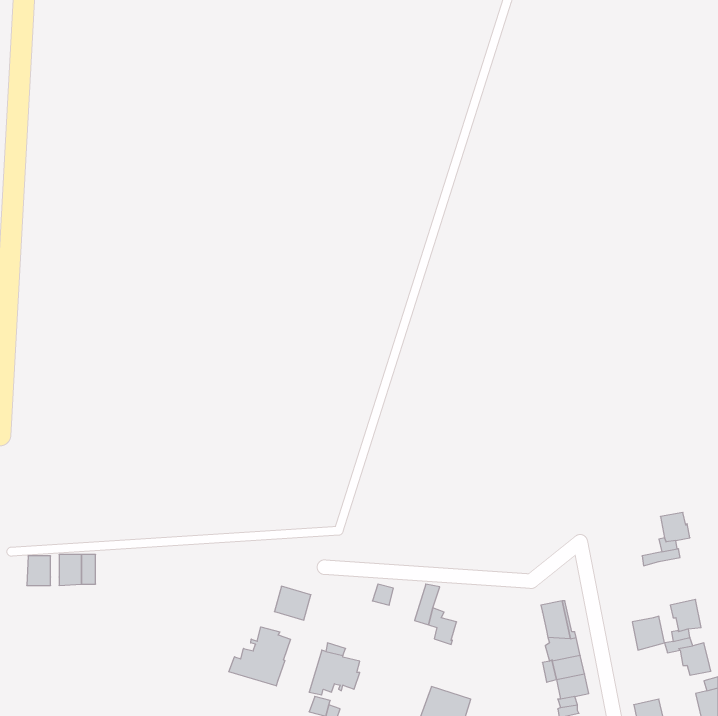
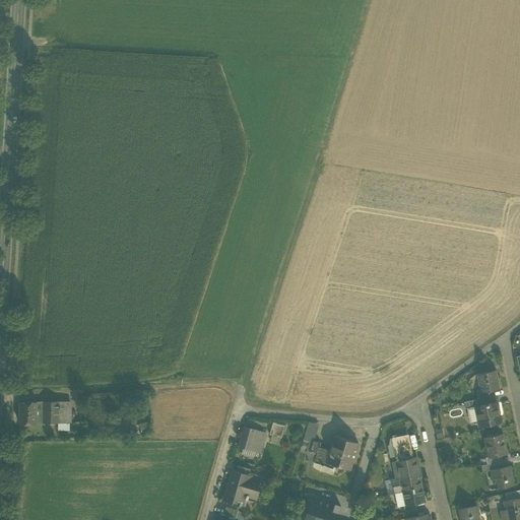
building: [274,586,311,620] -> [240,429,266,453]
building: none -> [326,437,359,471]
building: [632,616,665,650] -> [476,403,500,428]
building: [229,627,290,686] -> none

